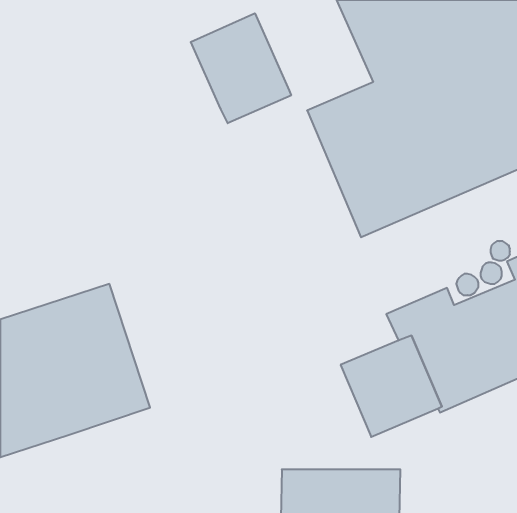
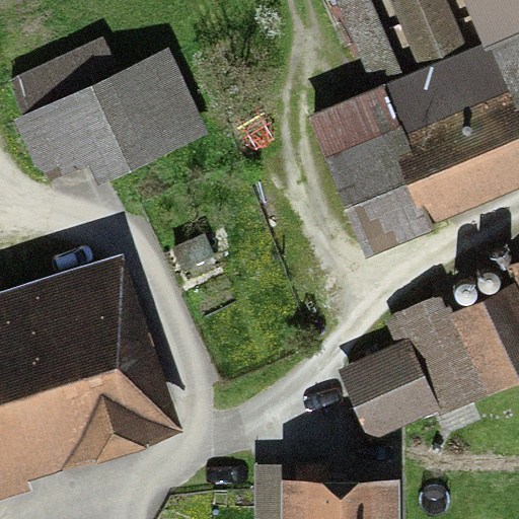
building: [191,13,291,123] -> none
building: none -> [8,39,209,186]

